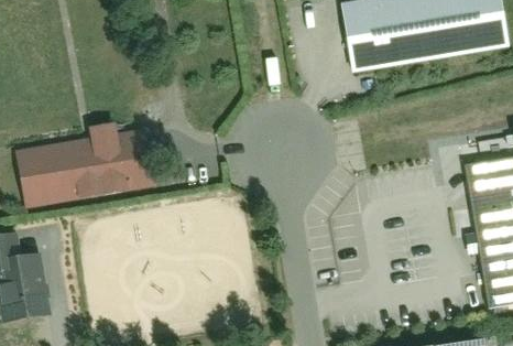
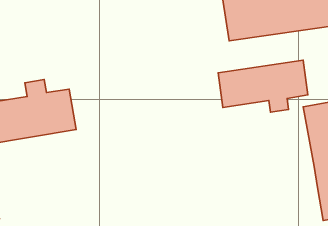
building: none -> [218,60,308,112]

